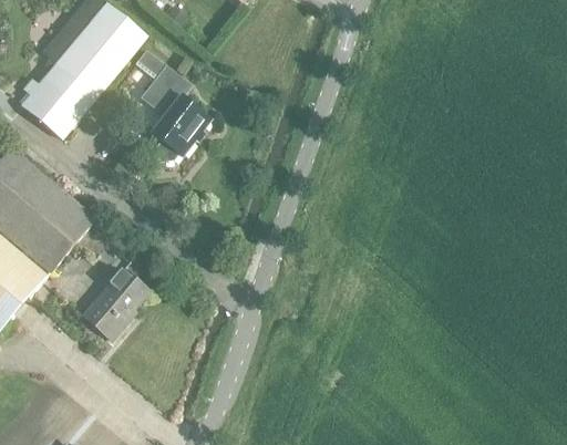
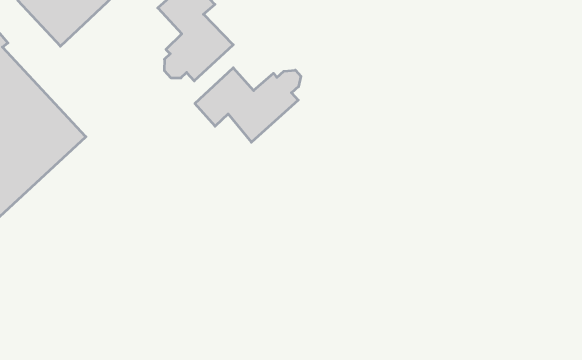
building: none -> [195,68,301,142]
building: [83,266,148,338] -> none

